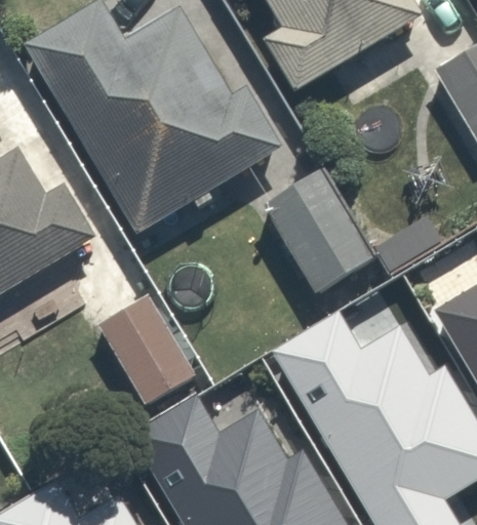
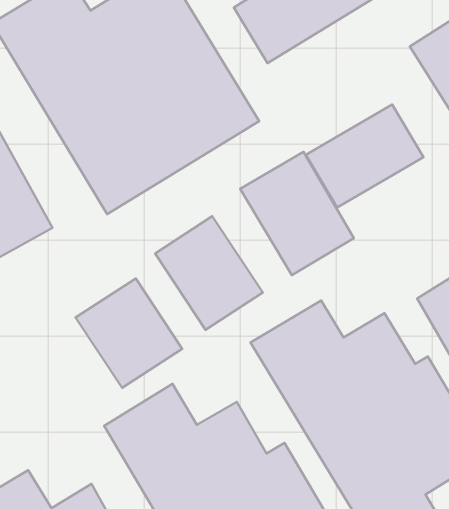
building: none -> [306,104,423,208]
building: none -> [155,216,263,330]

